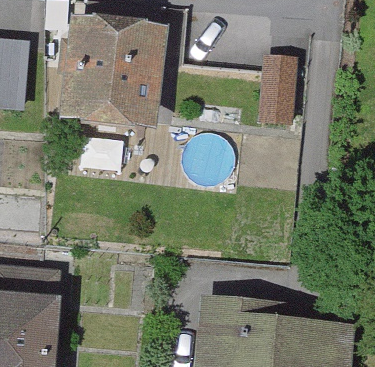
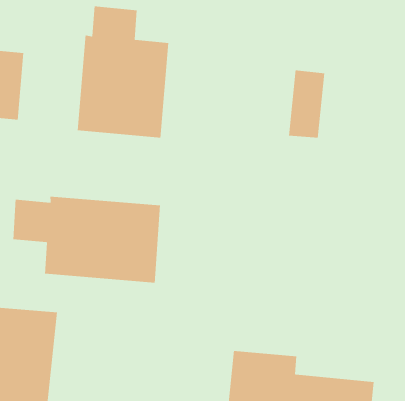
building: none -> [13,196,160,283]

